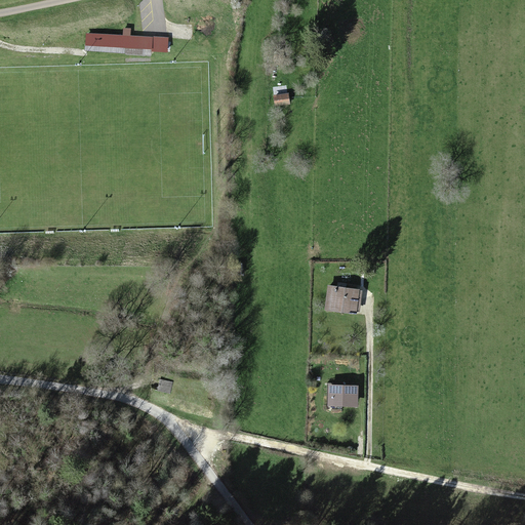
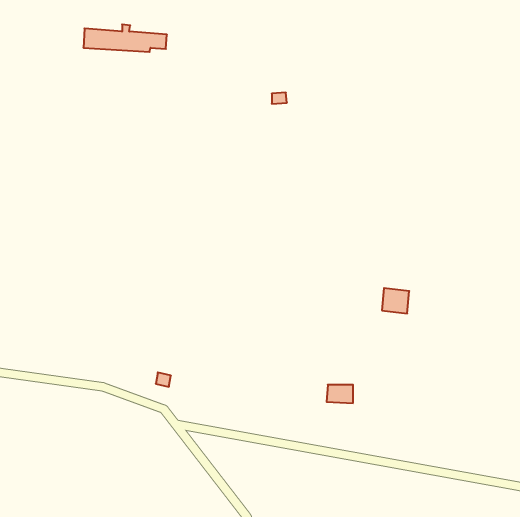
building: [330,289,358,315] -> [382,288,409,313]

